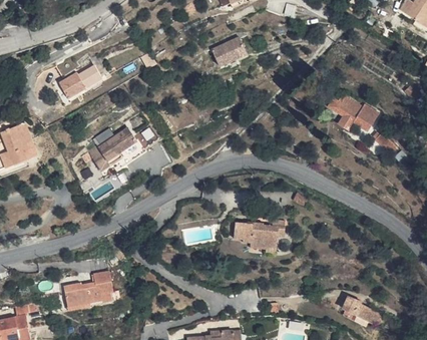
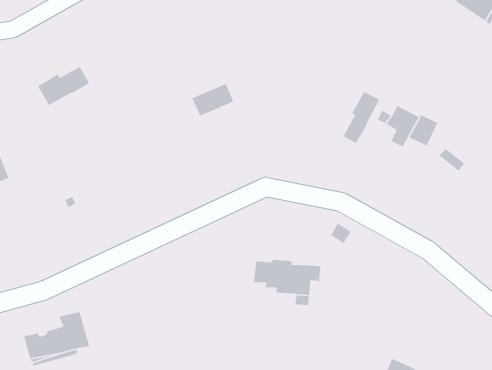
building: [213,38,248,65] -> [191,83,234,117]
building: none -> [342,91,380,144]
building: [89,127,137,171] -> none

